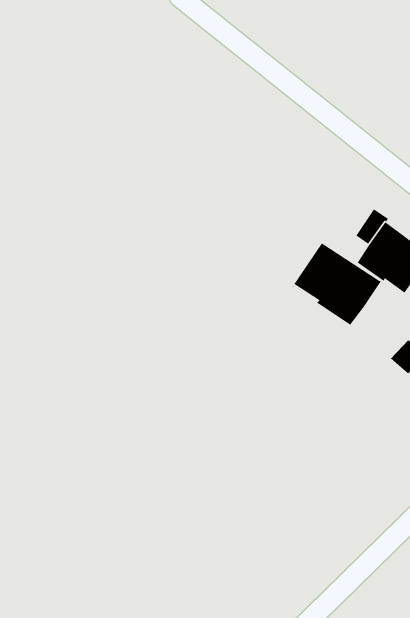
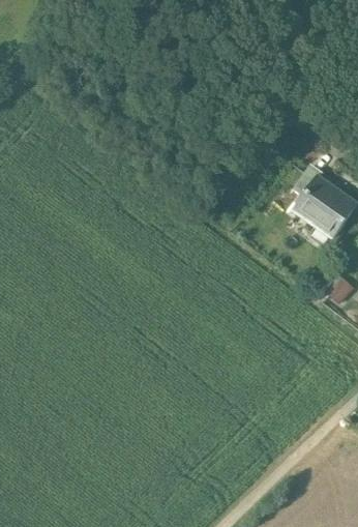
building: [292,243,382,326] -> none

